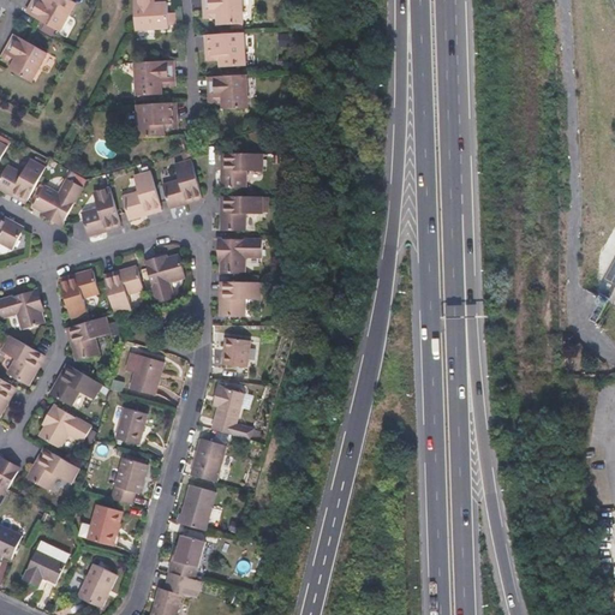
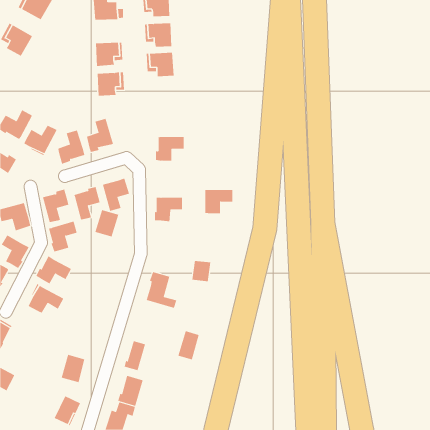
building: [223,151,265,187] -> none
building: [163,156,202,205] -> none
building: [221,238,262,273] -> [205,189,233,214]
building: [221,339,249,369] -> [192,261,211,282]
building: [129,354,163,394] -> [95,209,119,237]
building: [115,406,147,443] -> none
building: [190,438,221,480] -> [177,331,199,360]
building: [28,448,79,489] -> none
building: [111,456,148,503] -> none
building: [22,549,64,586] -> none

